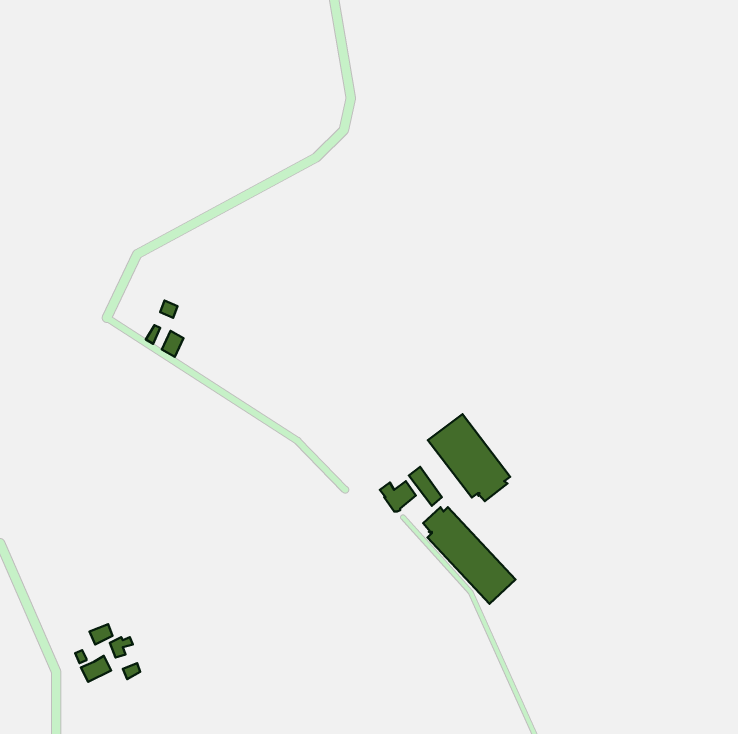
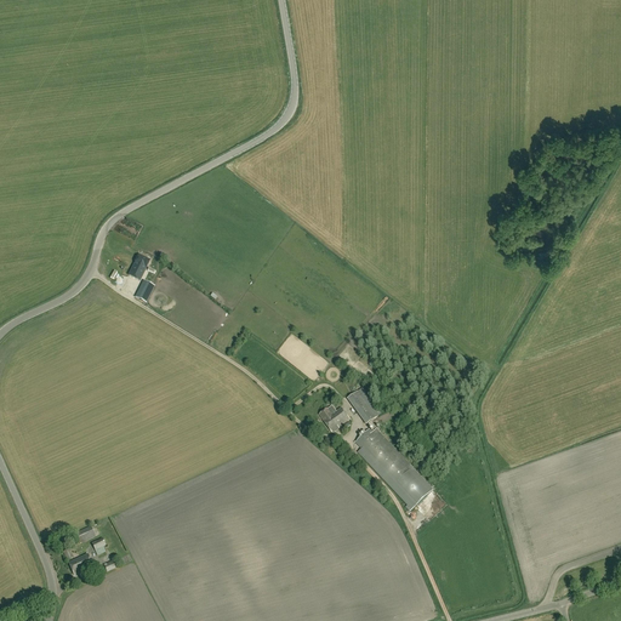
building: [428,414,510,501] -> none

